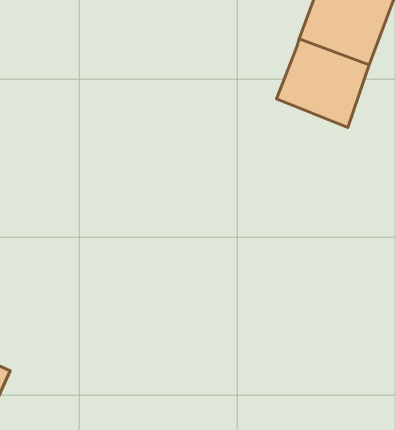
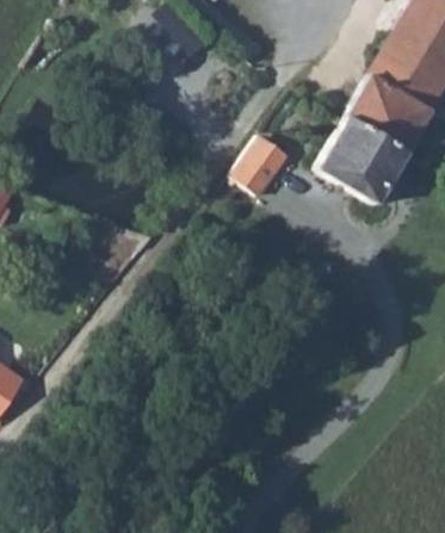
building: none -> [229,135,285,196]

